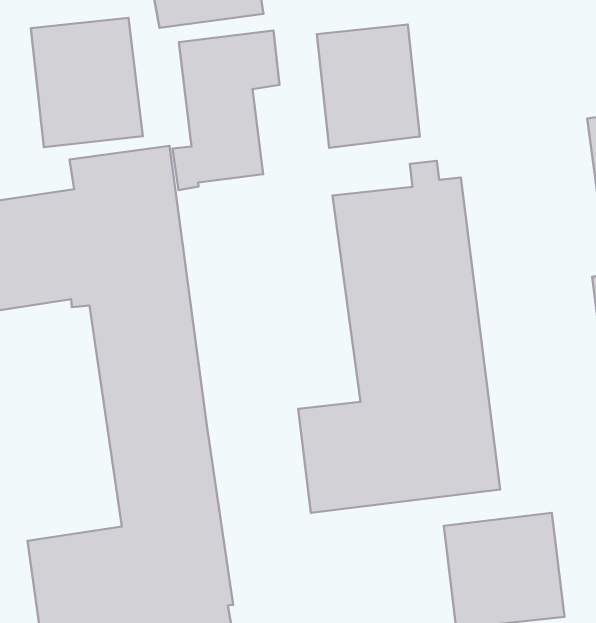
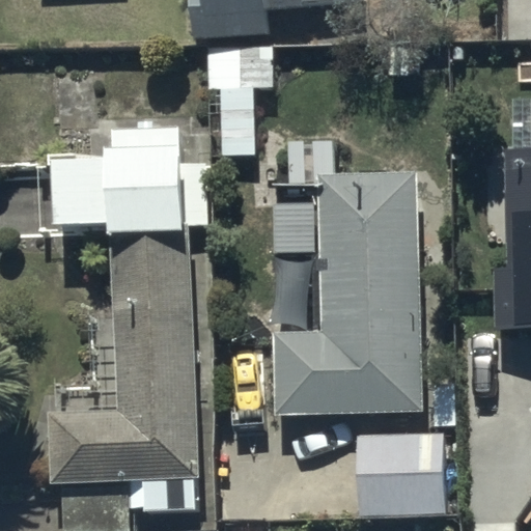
building: [31,18,143,147] -> none
building: [317,24,420,148] -> none

